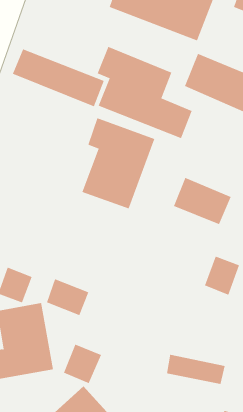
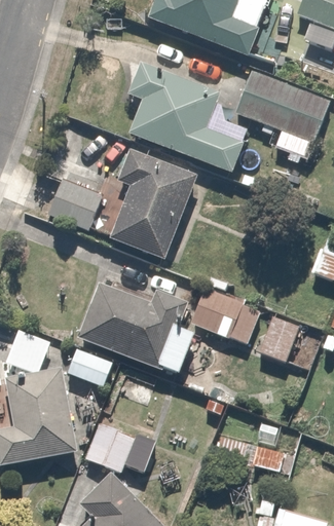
building: [12,49,105,107] -> none
building: none -> [46,180,98,229]
building: [173,177,231,225] -> [187,289,258,346]
building: none -> [77,274,193,374]

